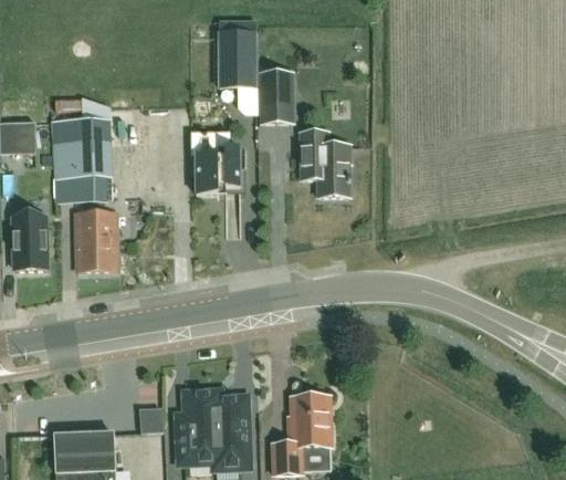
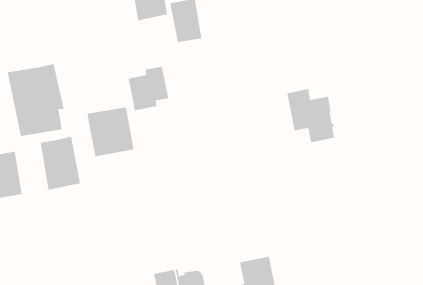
building: [300,129,350,195] -> [287,89,335,143]
building: none -> [87,107,134,157]

